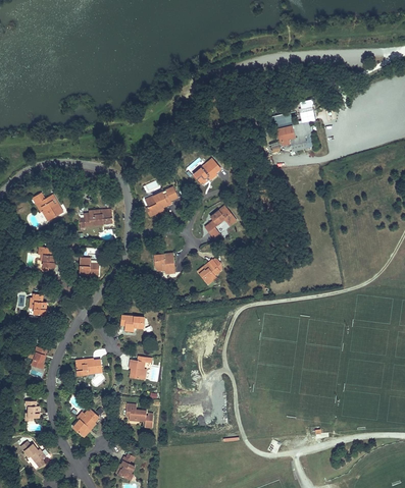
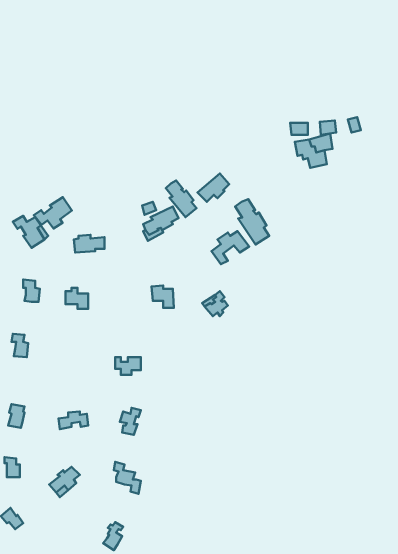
building: none -> [166,181,196,217]
building: none -> [34,197,72,228]
building: none -> [235,199,269,244]

